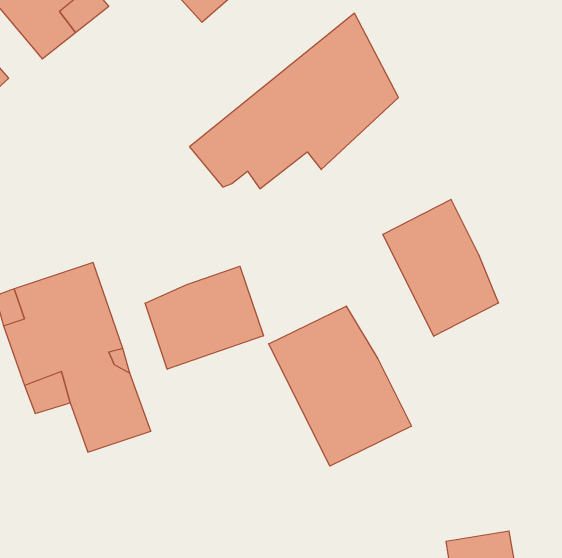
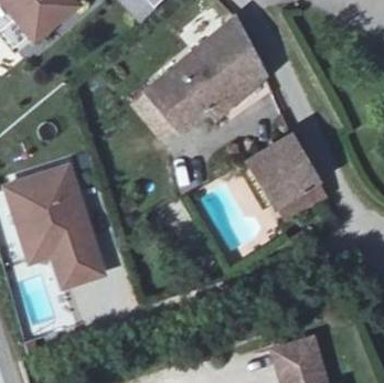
building: [145,266,263,369] -> none
building: [269,306,411,466] -> none

